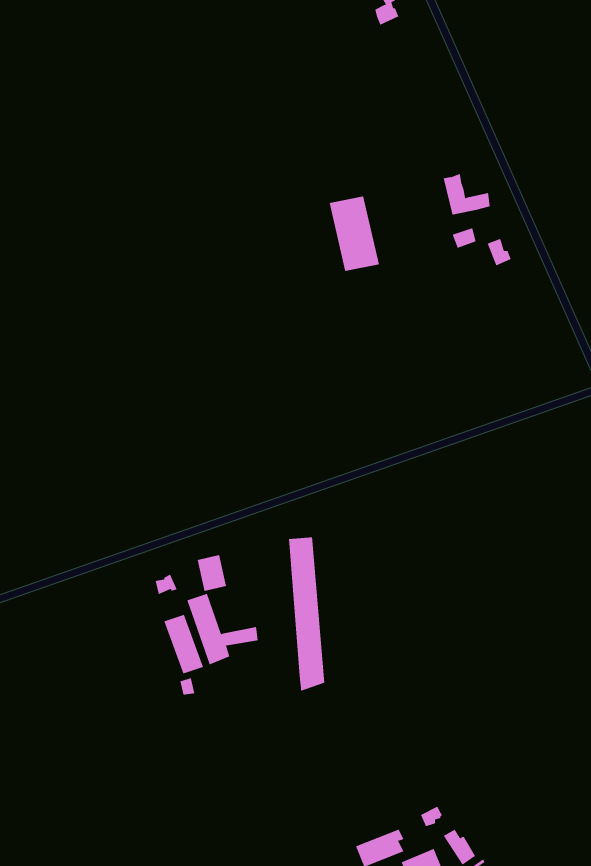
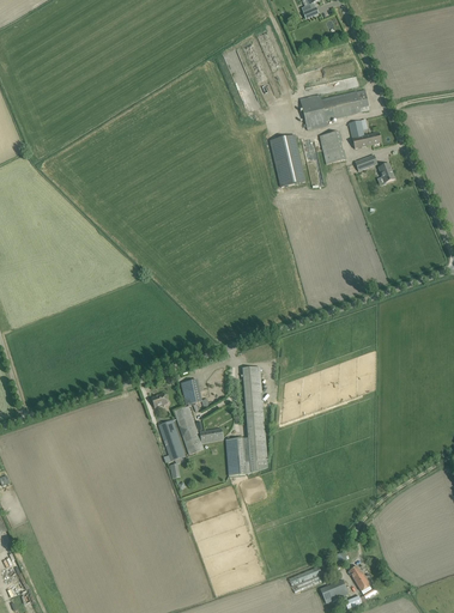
building: none -> [301,89,370,129]
building: none -> [320,131,346,163]
building: none -> [226,437,252,474]

